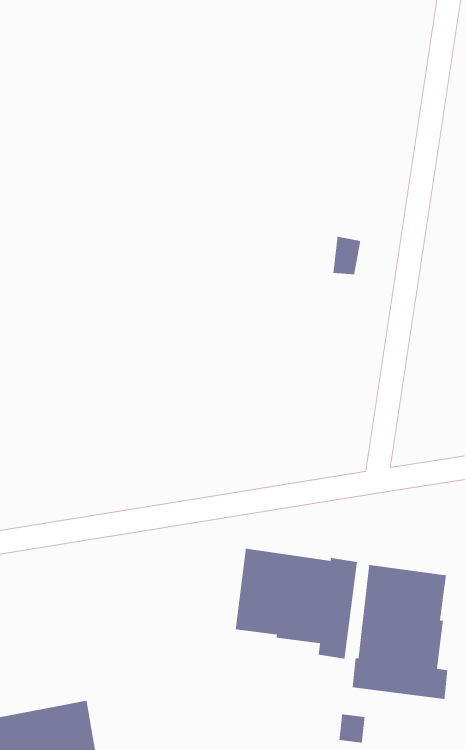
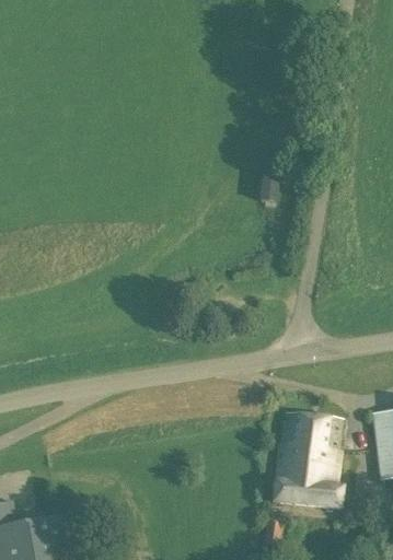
building: [235,548,358,659] -> none

